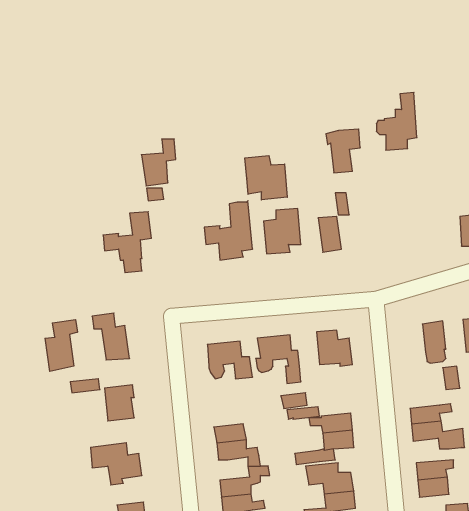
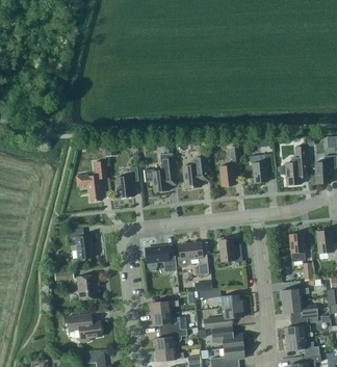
building: [376,92,417,150] -> [280,146,307,184]
building: [326,129,360,173] -> [250,153,273,182]
building: [141,139,176,186] -> [115,166,138,198]
building: [245,156,287,200] -> none
building: [45,320,77,371] -> none

